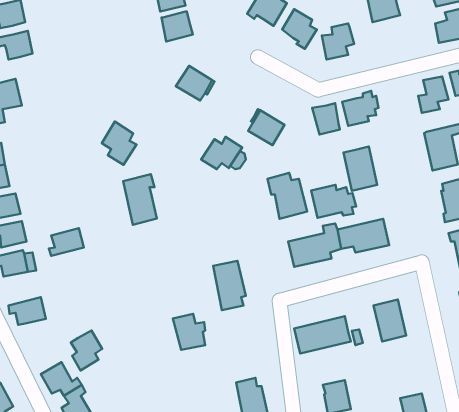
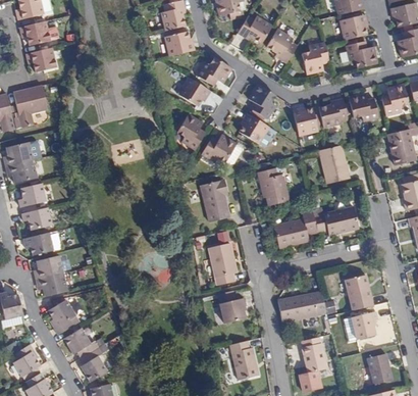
building: none -> [346,42,376,68]
building: none -> [196,56,231,84]
building: none -> [248,85,275,118]
building: none -> [349,95,378,122]
building: [102,122,137,165] -> [174,115,204,152]
building: [123,174,157,225] -> [200,179,228,221]
building: [311,185,356,218] -> none
building: [49,228,84,256] -> [34,256,63,280]
building: [173,314,205,350] -> [217,290,245,320]
building: [71,331,102,370] -> [48,300,74,334]
building: none -> [351,312,376,339]

